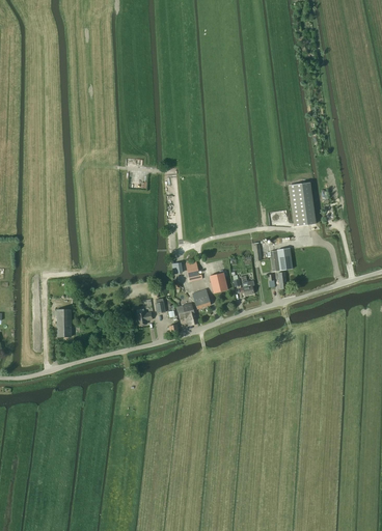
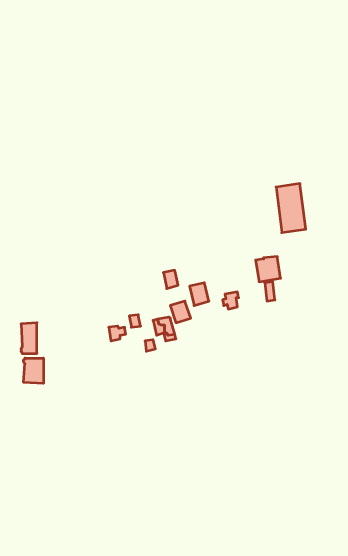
building: none -> [24,358,43,383]

